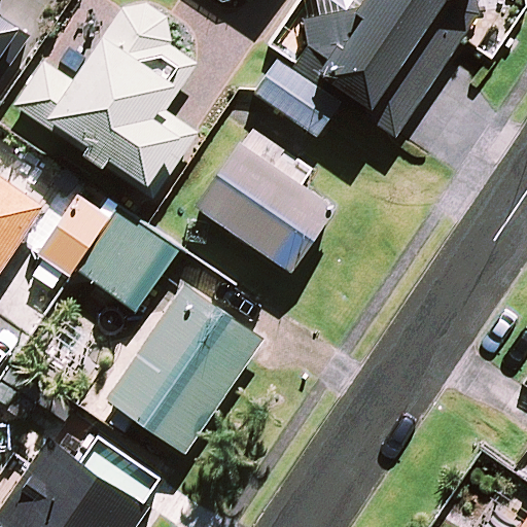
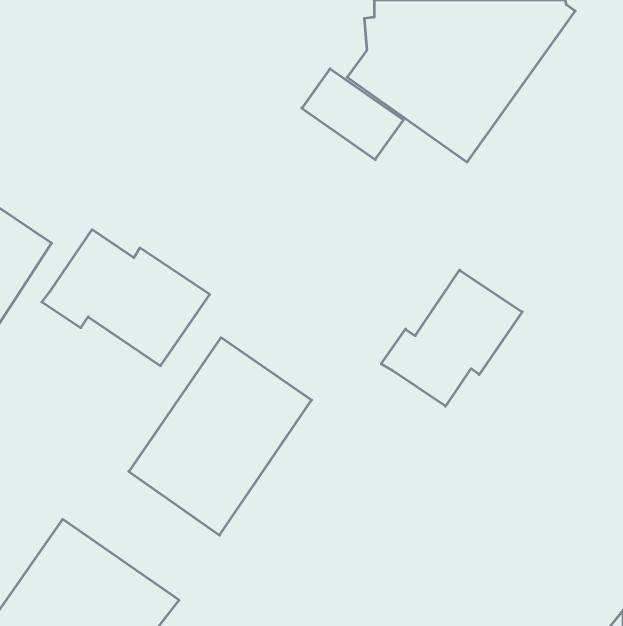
building: [19,12,195,188] -> none
building: [198,141,335,270] -> none
building: none -> [381,270,522,406]

